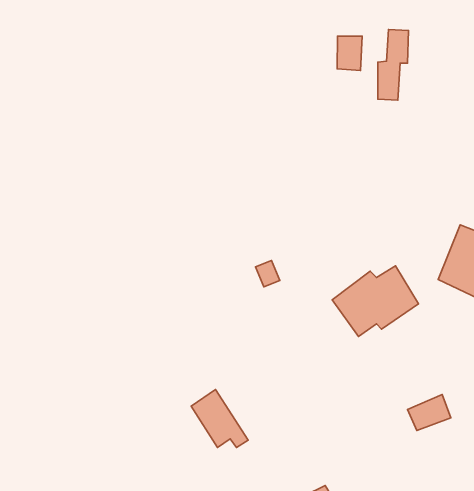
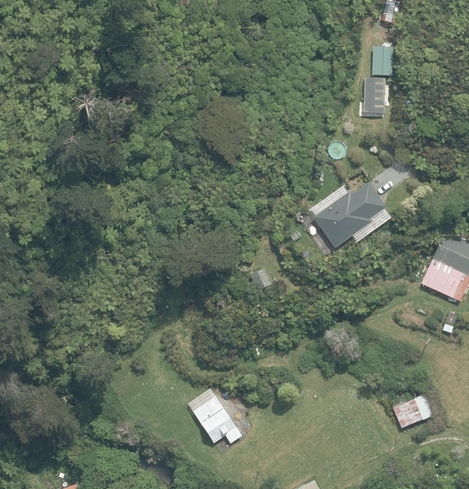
building: [337,36,362,71] -> none
building: [332,266,419,337] -> [309,181,391,248]

